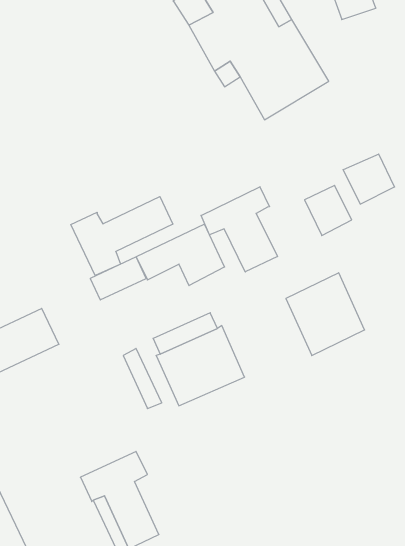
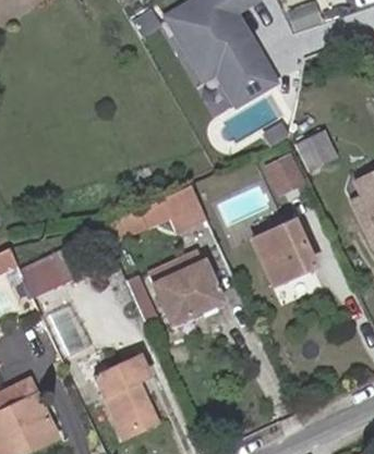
building: [201,187,277,272] -> none
building: [71,197,173,276] -> none

